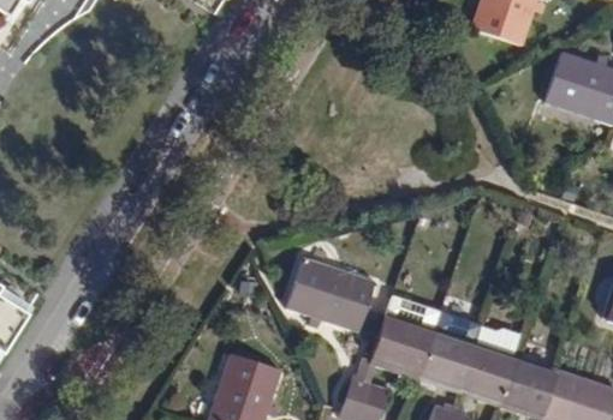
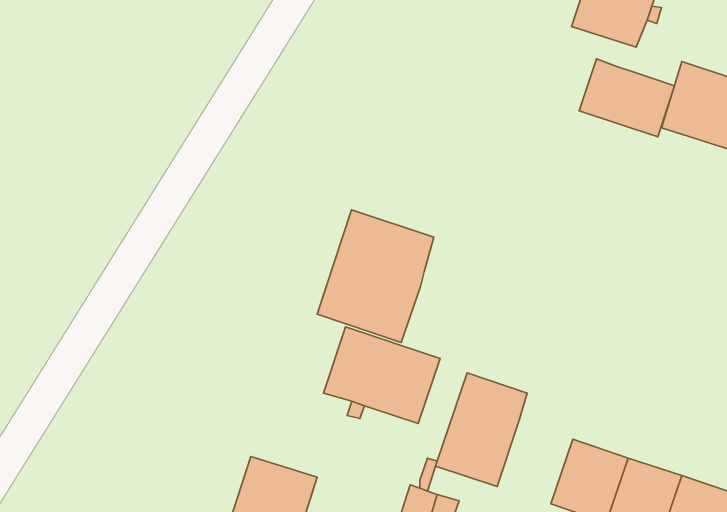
building: none -> [579,59,674,137]
building: none -> [317,210,434,343]
building: [417,325,475,389] -> none

